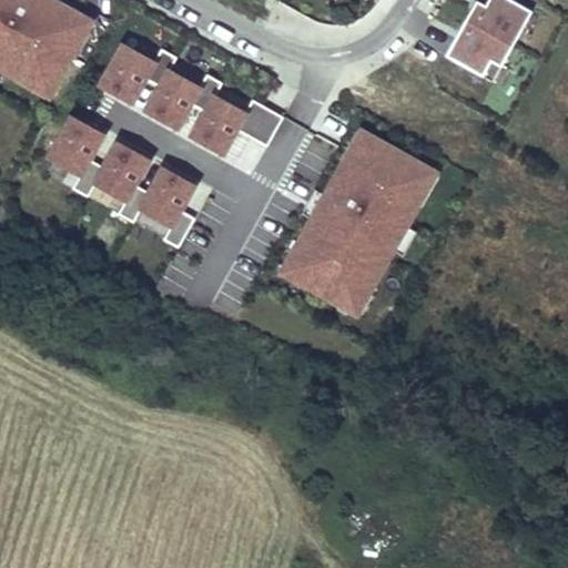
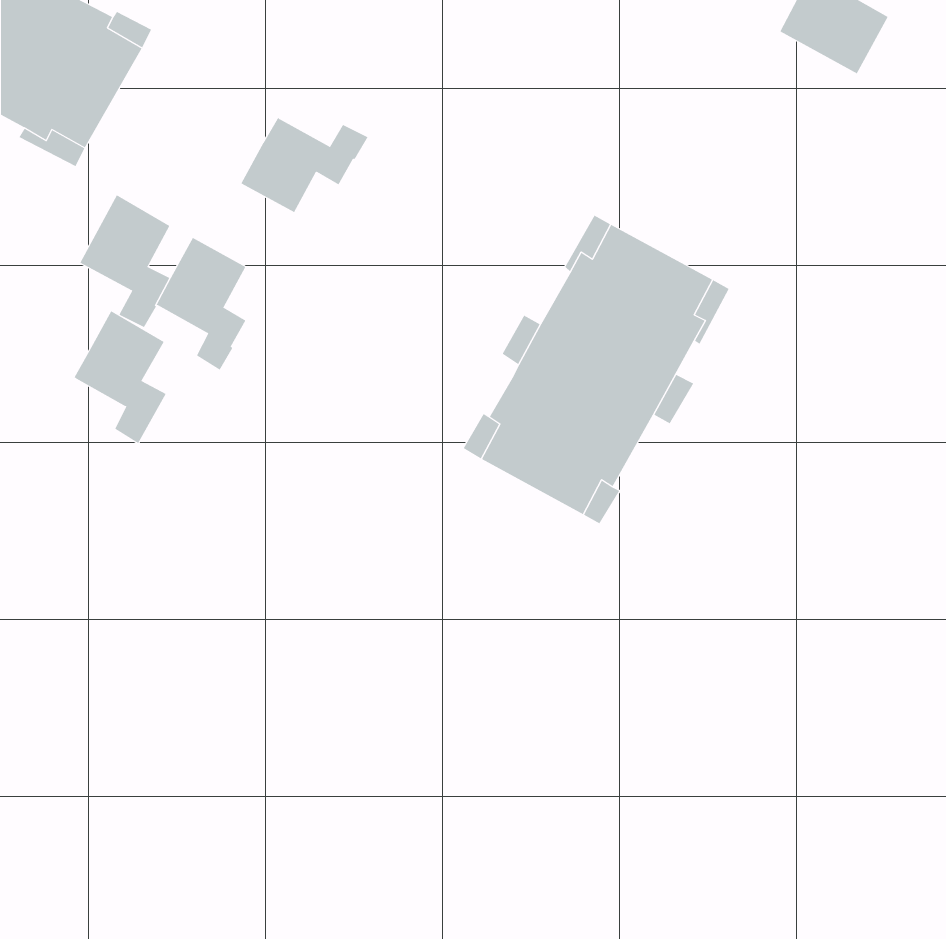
building: [447,19,514,81] -> none
building: [99,44,175,102] -> none
building: [190,95,282,153] -> none
building: [139,168,194,247] -> [74,310,166,444]

